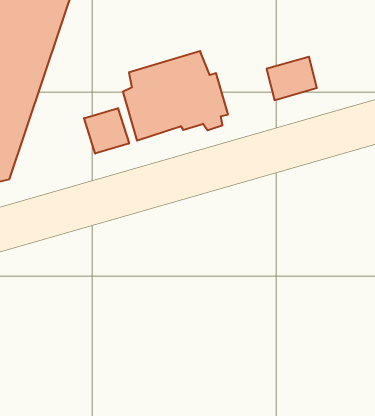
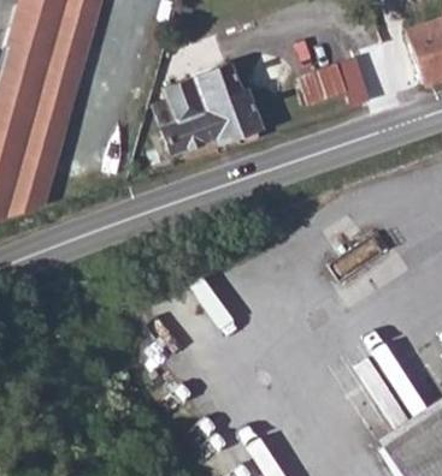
building: [84,108,129,154] -> none

